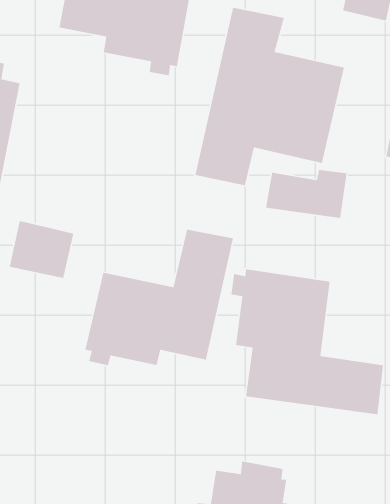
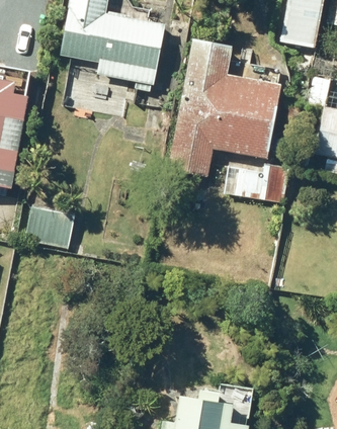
building: [85,229,234,366] -> none
building: [231,269,384,415] -> none

